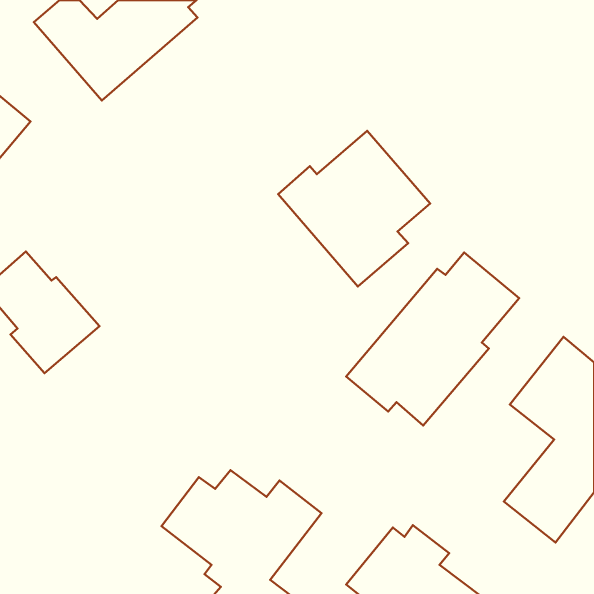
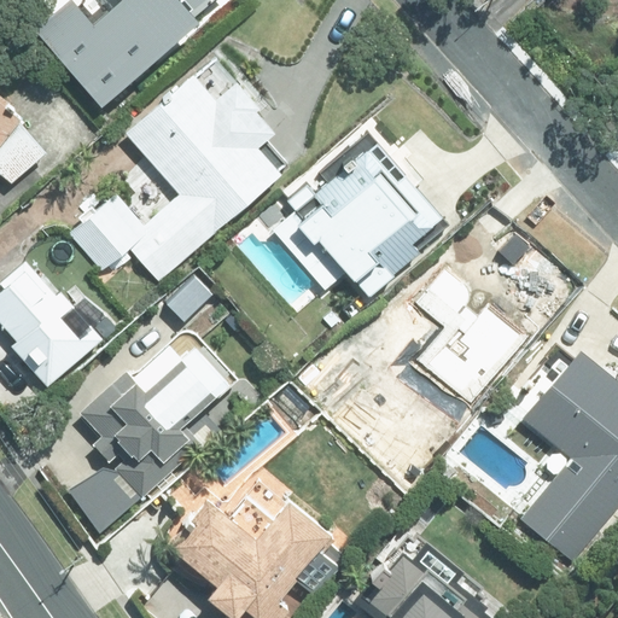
building: none -> [70,74,281,281]
building: none -> [63,325,239,538]

